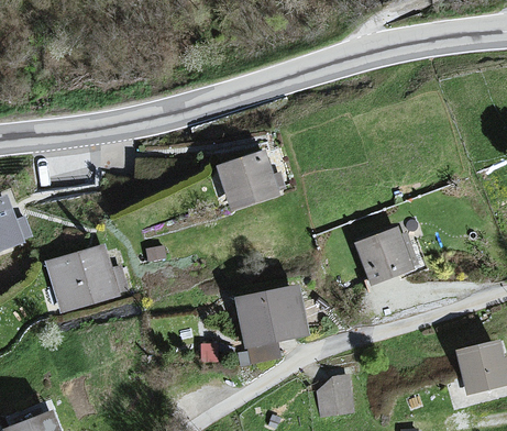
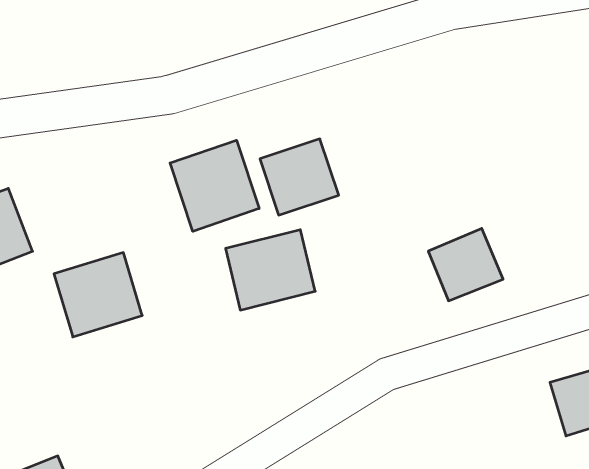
building: none -> [170,140,259,231]
building: [233,283,307,349] -> [226,230,315,310]
building: [318,374,356,415] -> none

